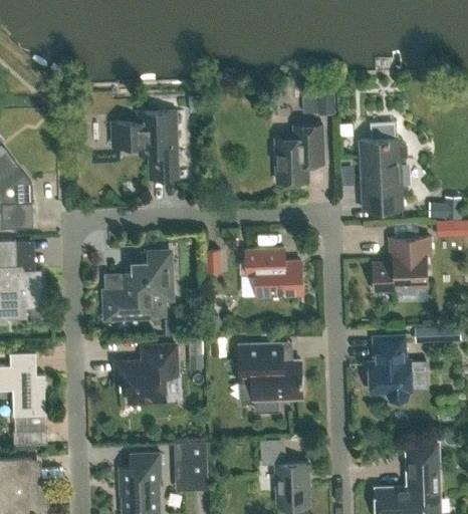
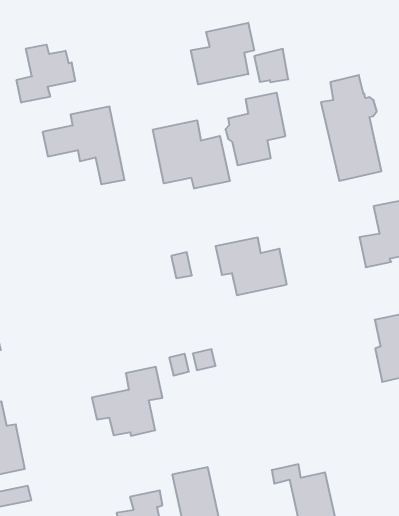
building: none -> [17,45,75,103]
building: none -> [191,23,254,84]
building: none -> [153,120,230,189]
building: [104,253,173,319] -> none
building: [239,344,302,413] -> none

